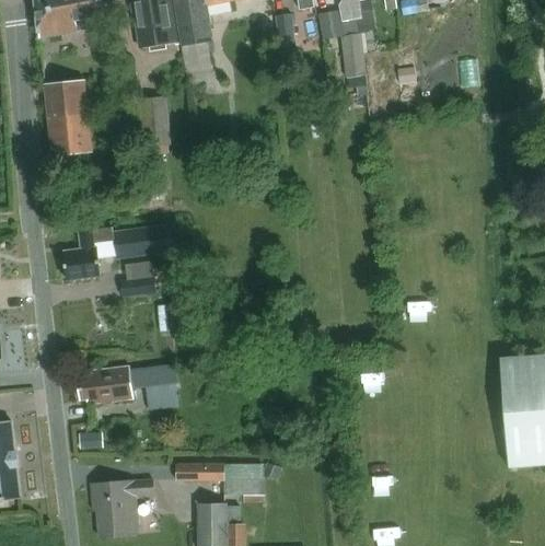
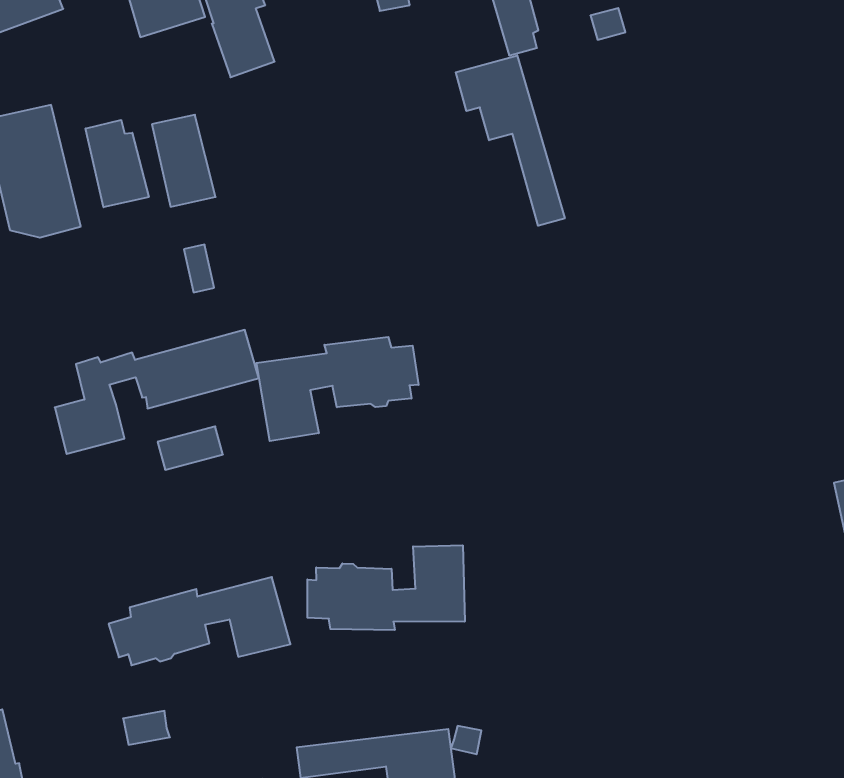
building: none -> [456,55,565,226]
building: none -> [86,120,149,207]
building: none -> [256,337,419,441]
building: none -> [307,545,465,630]

